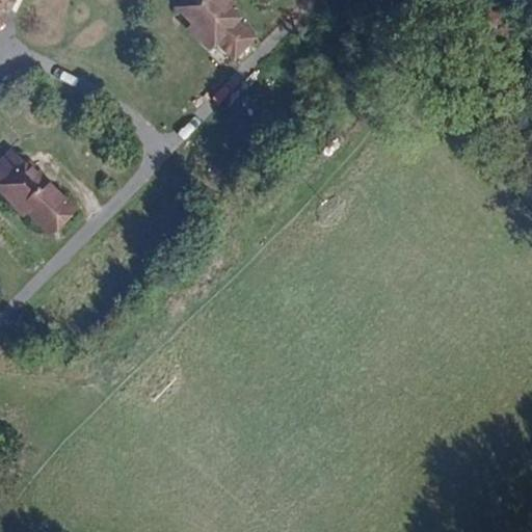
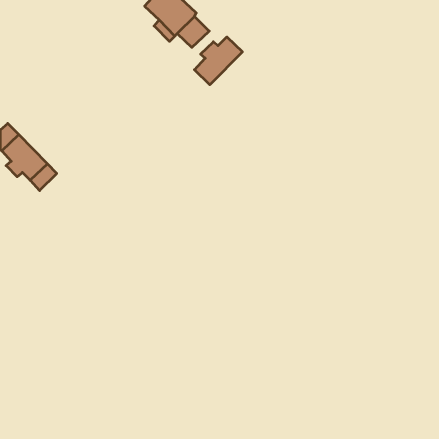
building: none -> [194,37,242,85]

